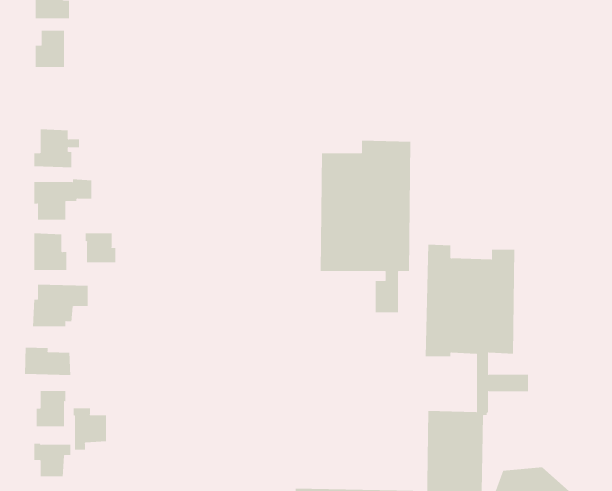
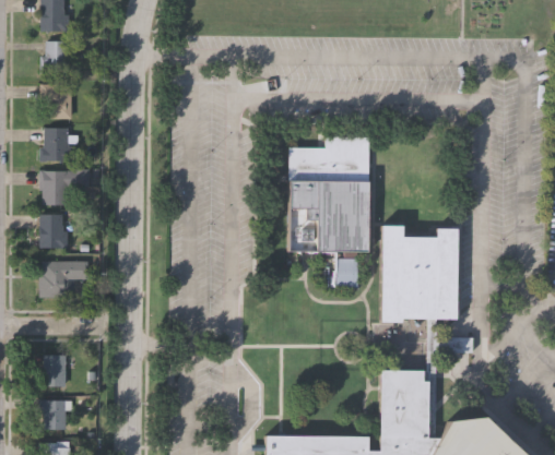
building: none -> [39,81,73,117]
building: [85,233,116,263] -> none
building: [24,347,71,376] -> none
building: [73,408,106,450] -> none

